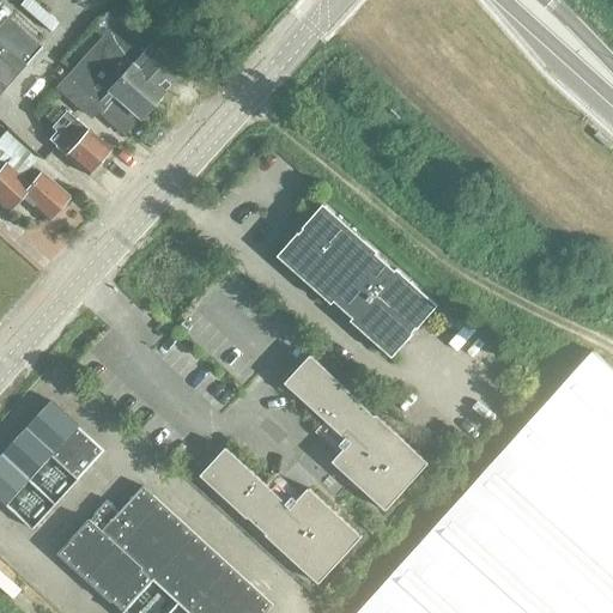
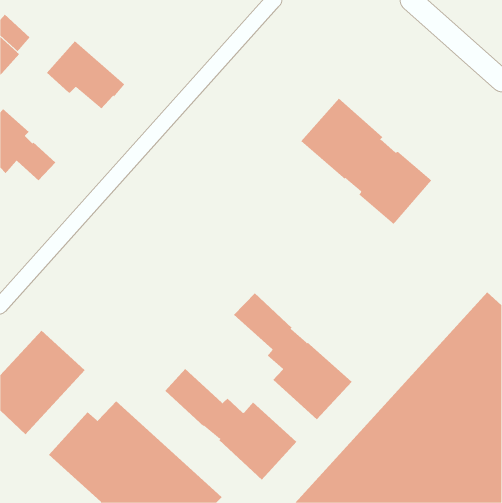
building: [91,30,178,103] -> none
building: [44,111,109,176] -> none
building: [277,205,437,359] -> [300,98,432,225]

